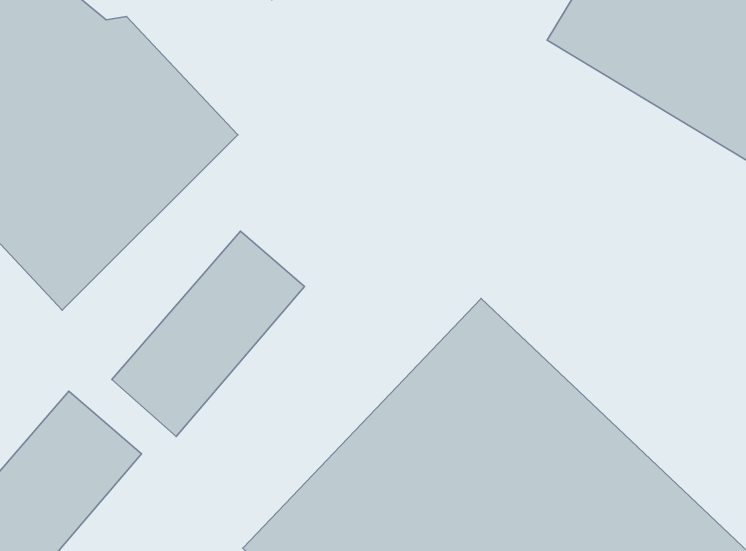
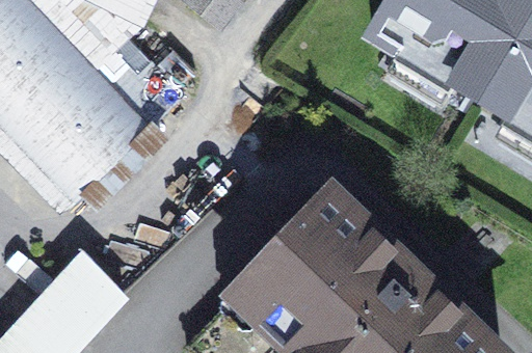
building: [112,231,305,436] -> none

